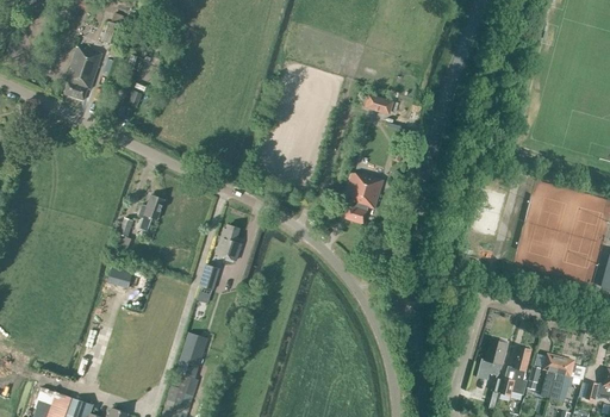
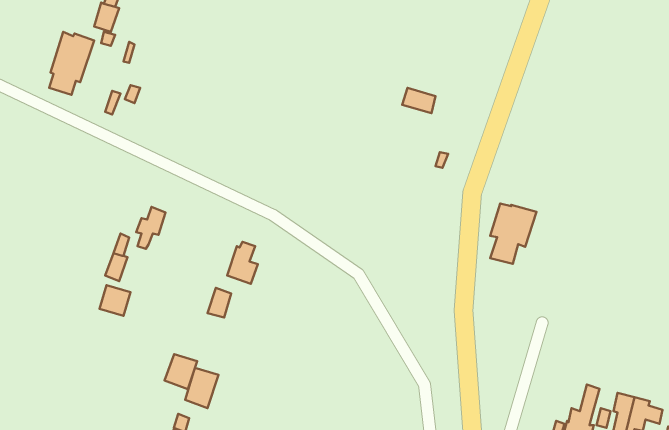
building: [344,173,384,224] -> [490,204,537,264]
building: none -> [164,354,197,389]
building: [479,340,509,380] -> none

